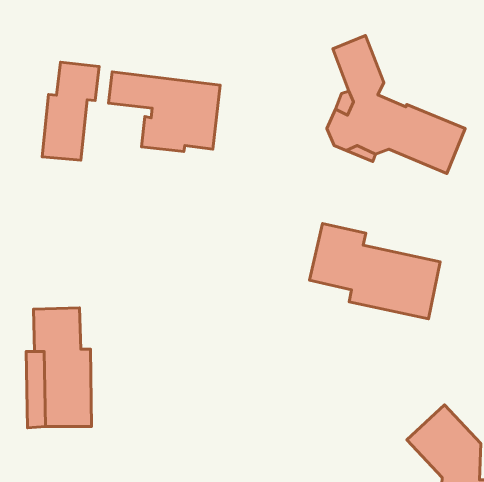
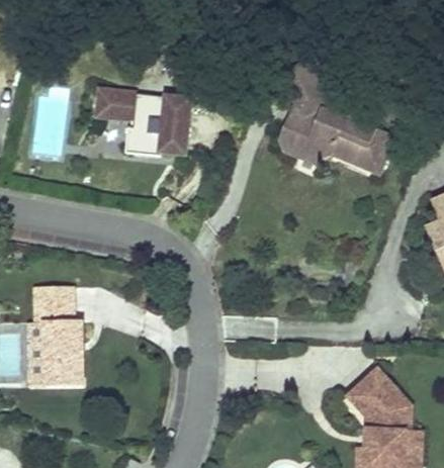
building: [42,62,99,160] -> none
building: [310,223,440,319] -> none

